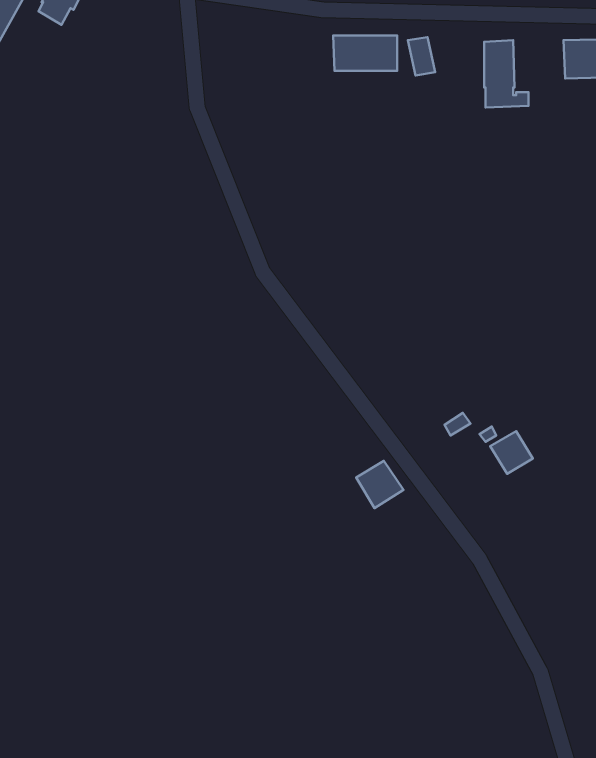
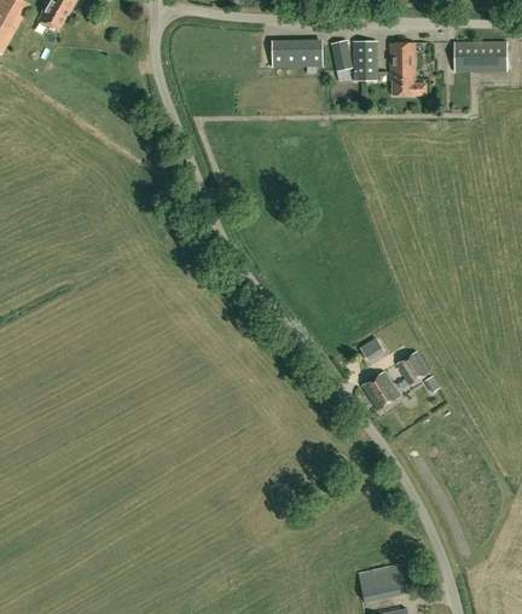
building: none -> [353,41,376,81]
building: [356,461,404,508] -> [361,372,399,410]
building: none -> [358,562,407,602]

